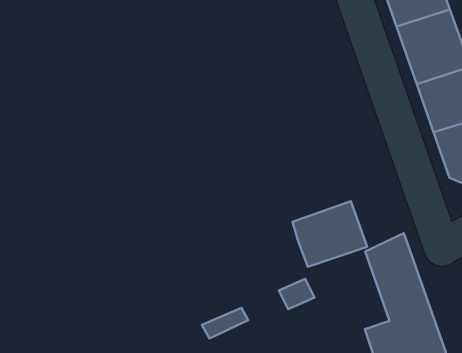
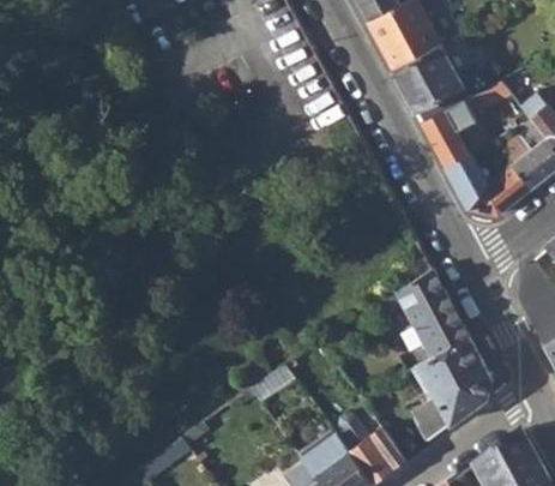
building: [293,201,367,267] -> none

